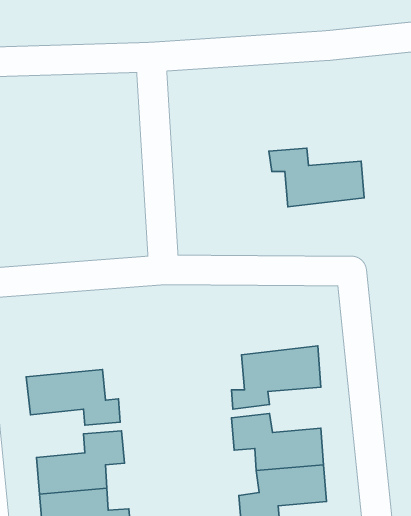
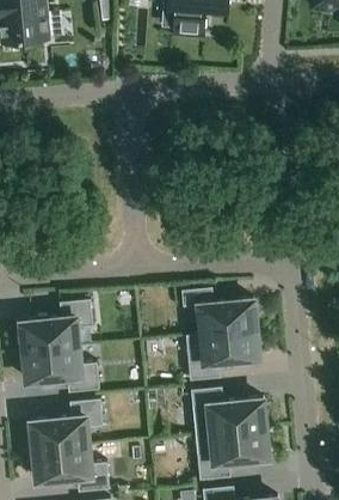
building: [269,148,364,207] -> [183,289,260,337]
building: none -> [19,303,94,355]

